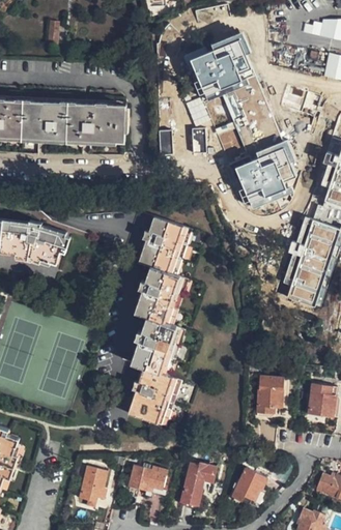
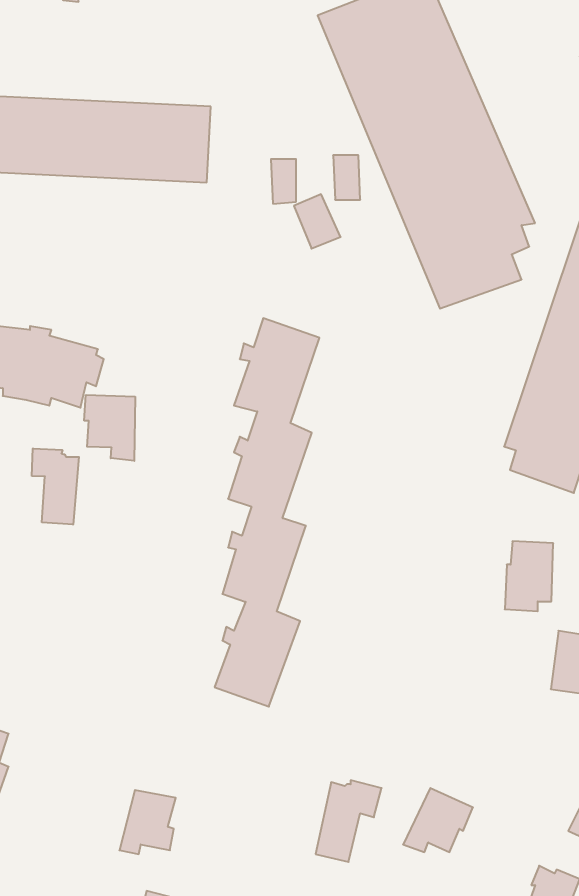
building: [186,98,210,127] -> [294,194,341,249]
building: none -> [84,395,135,461]
building: none -> [32,448,79,525]
building: [256,377,282,414] -> [505,541,553,611]
building: [129,466,168,494] -> none

